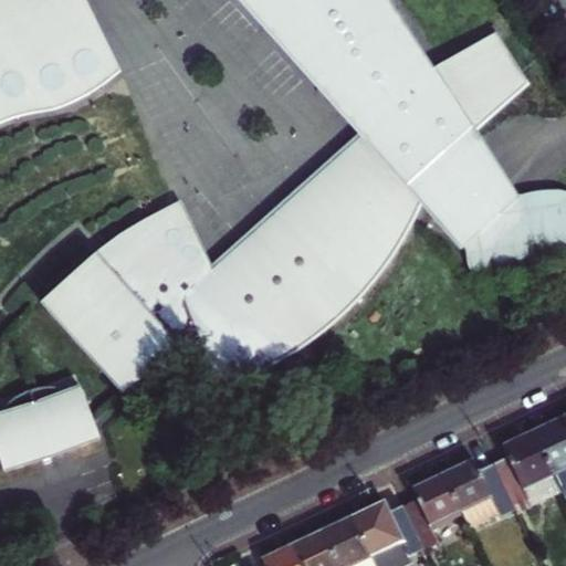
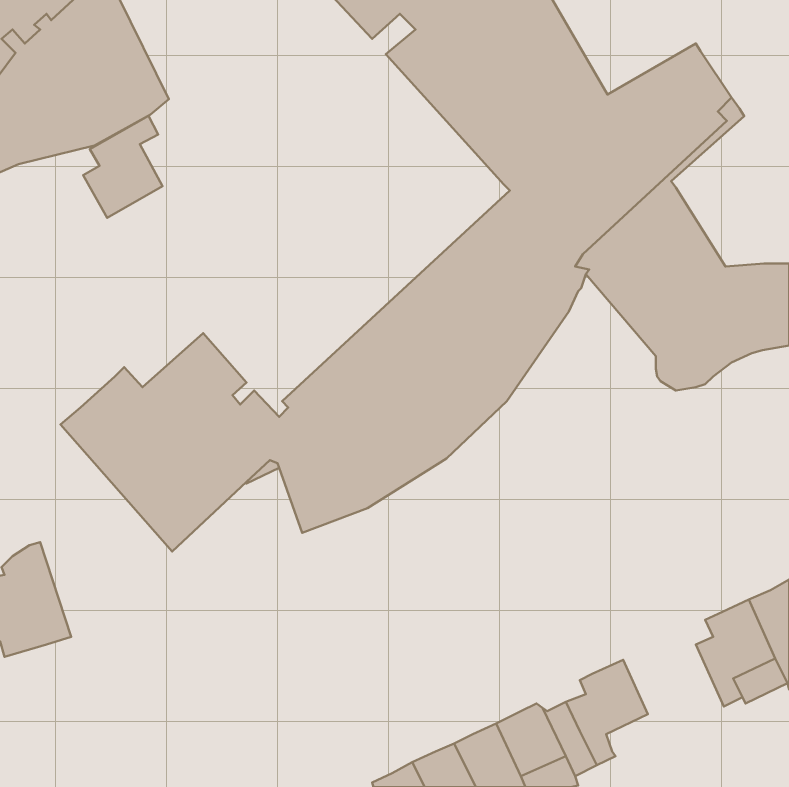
building: none -> [83,116,163,218]
building: [81,132,364,297] -> none
building: [29,384,98,454] -> none
building: [444,457,516,525] -> none

